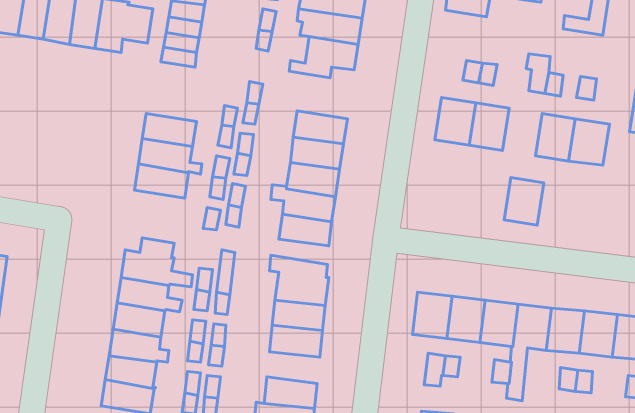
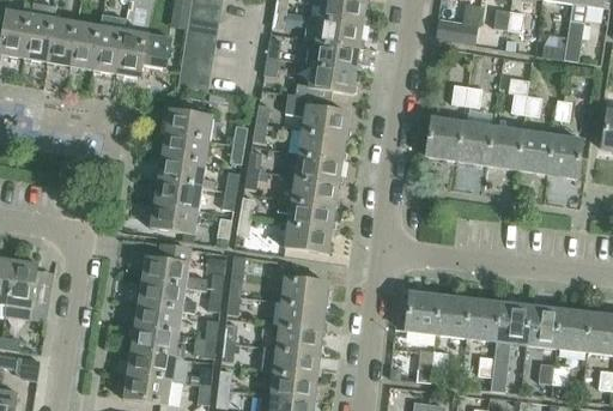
building: none -> [284,91,350,135]
building: none -> [164,107,213,138]
building: [504,178,544,225] -> [486,126,522,169]
building: none -> [150,200,199,231]
building: none -> [273,346,321,375]

